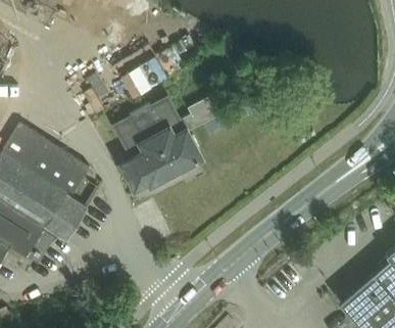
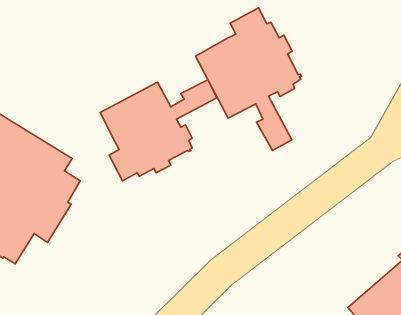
building: none -> [195,8,301,151]

